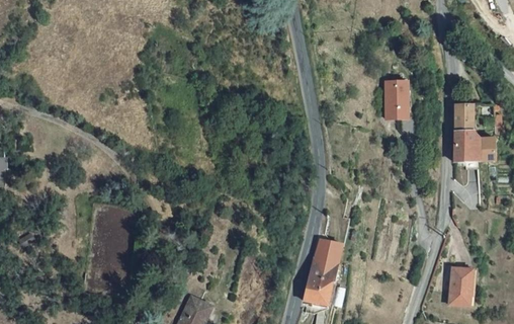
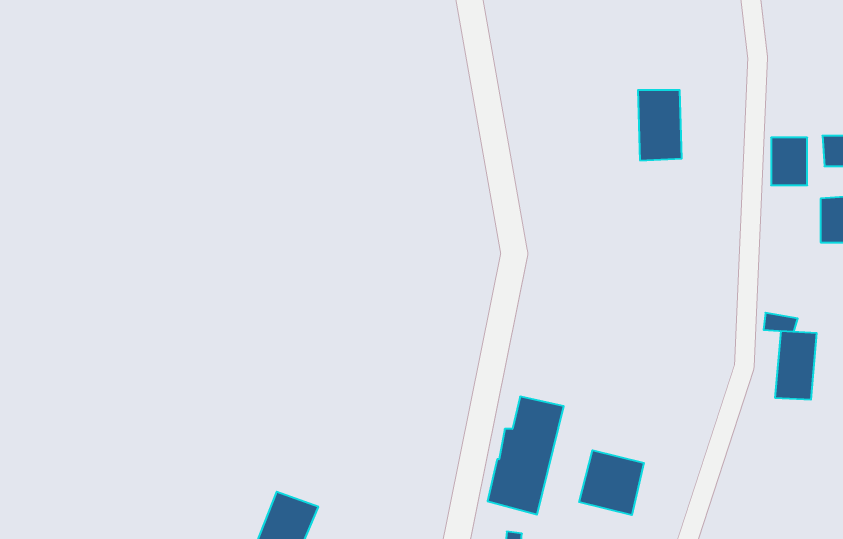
building: [452,132,480,163] -> none
building: [450,267,473,304] -> [775,331,817,400]
building: none -> [579,450,644,515]

